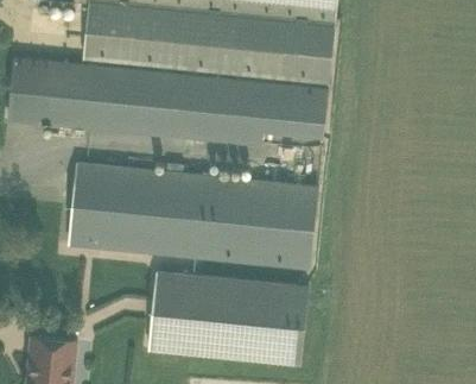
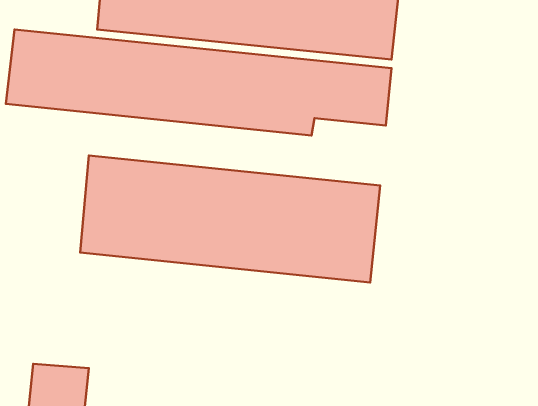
building: [150,271,307,364] -> none

